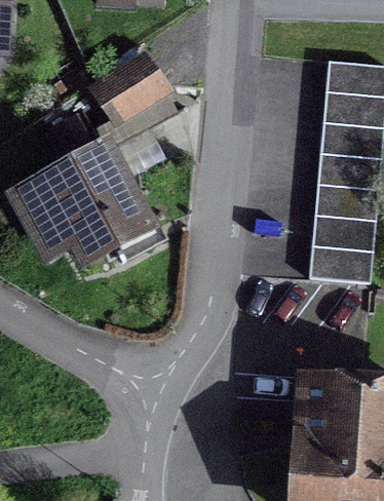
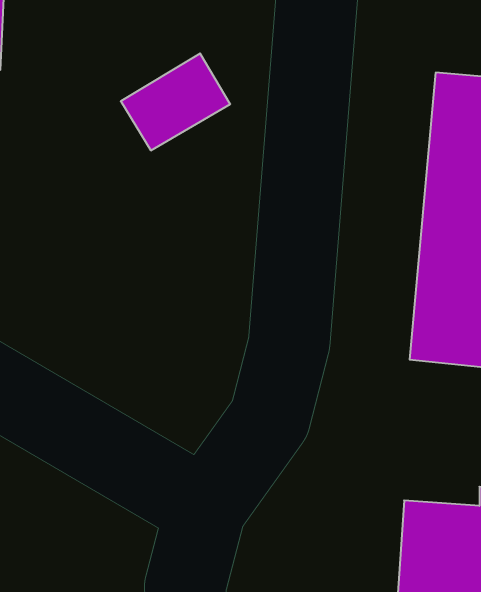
building: [18,148,161,266] -> none

